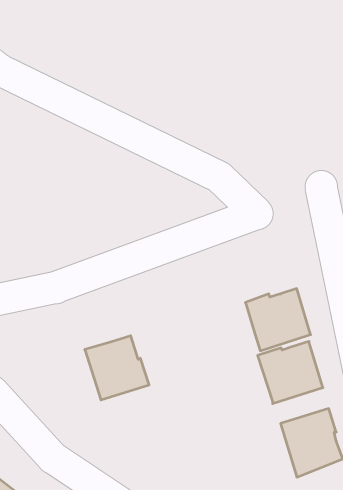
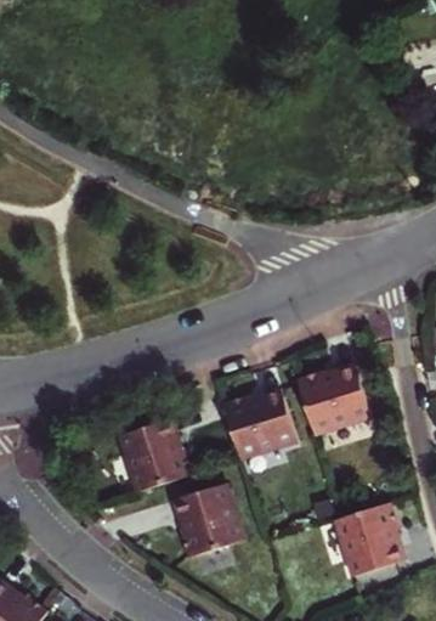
building: [258,341,323,404] -> [225,391,299,462]
building: none -> [170,484,240,558]

